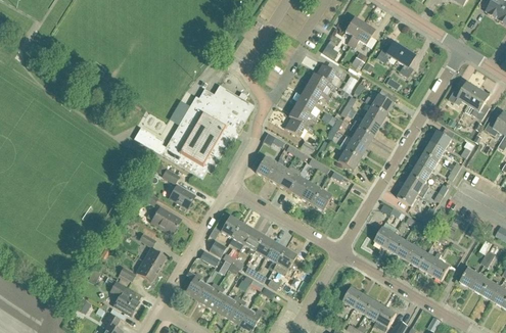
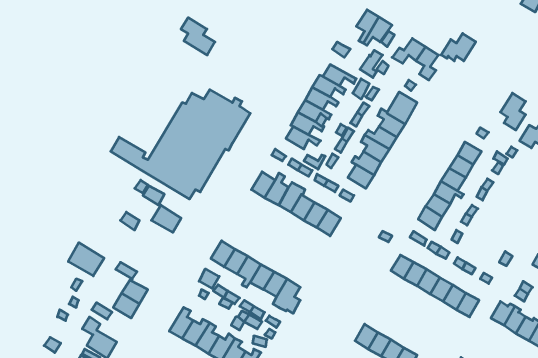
building: none -> [181,18,215,55]
building: [449,81,478,104] -> [441,33,476,61]
building: [150,205,181,234] -> [68,243,104,276]

